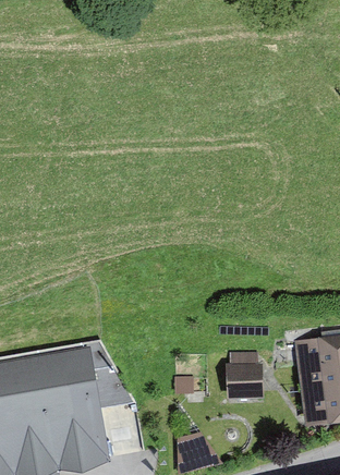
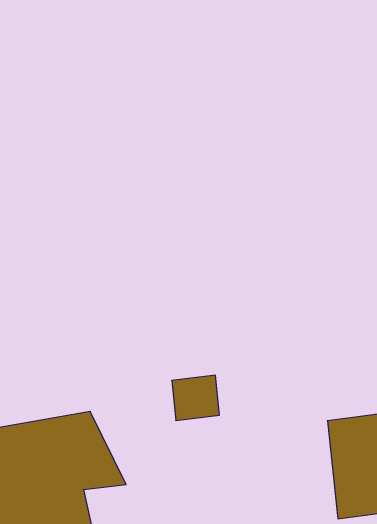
building: [223,356,263,393] -> [172,375,219,420]

